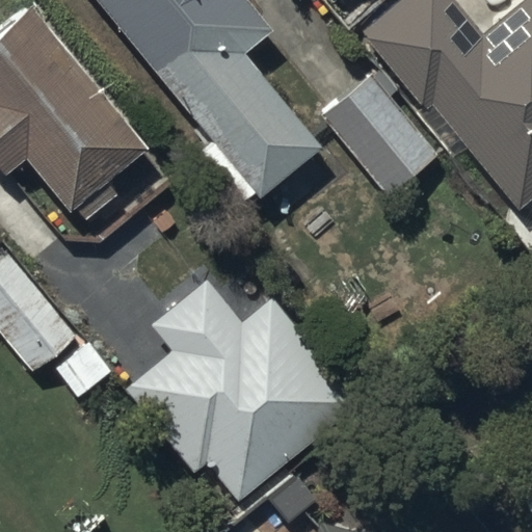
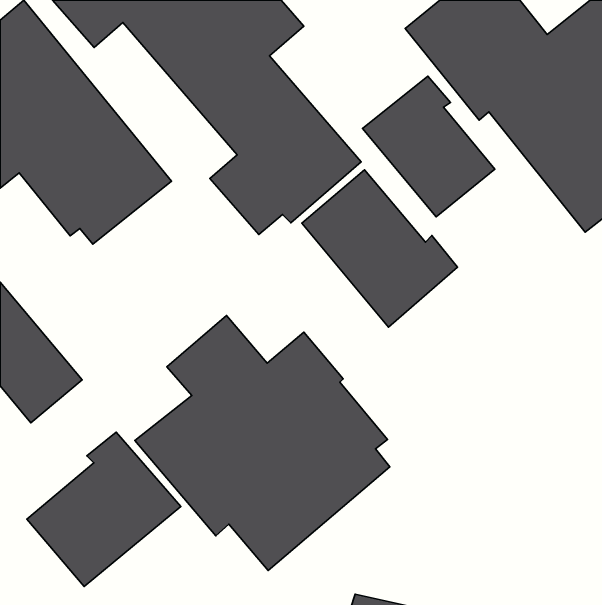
building: none -> [302,170,458,327]
building: none -> [27,432,181,587]

